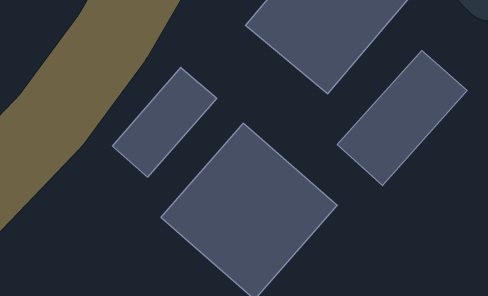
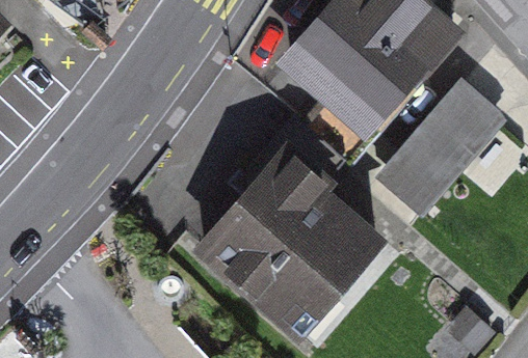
building: [113,67,217,177] -> none

